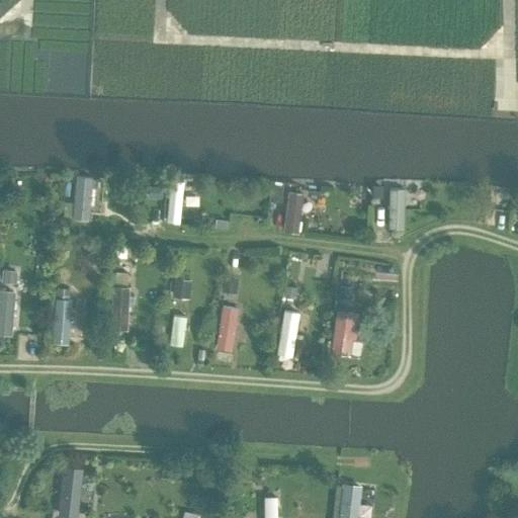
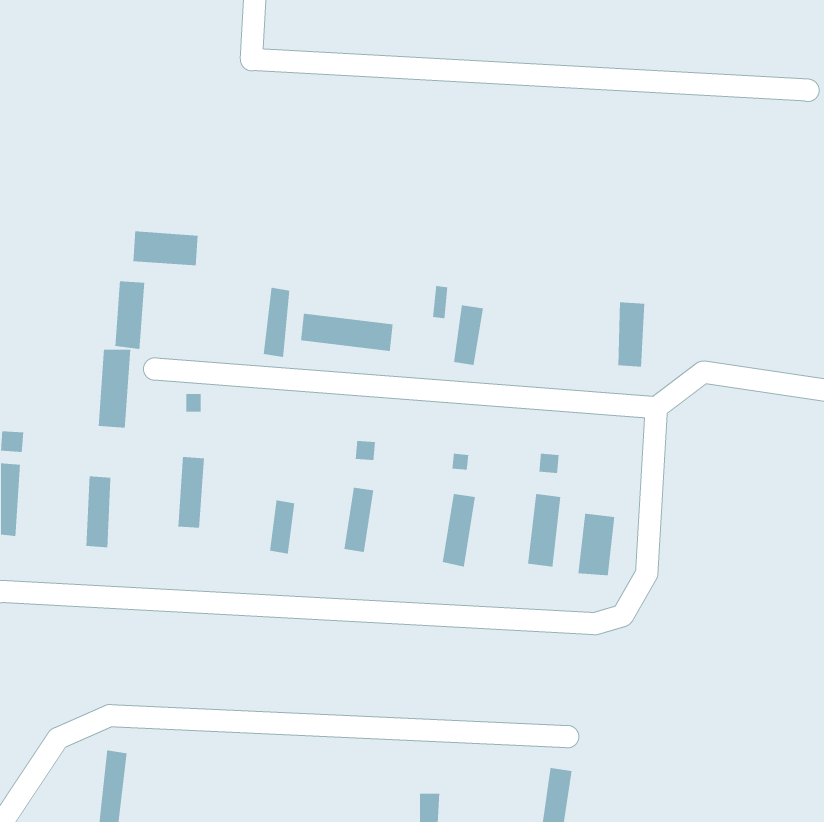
building: none -> [132,231,199,266]
building: none -> [300,313,394,352]
building: none -> [98,349,131,429]
building: none -> [578,513,615,576]

